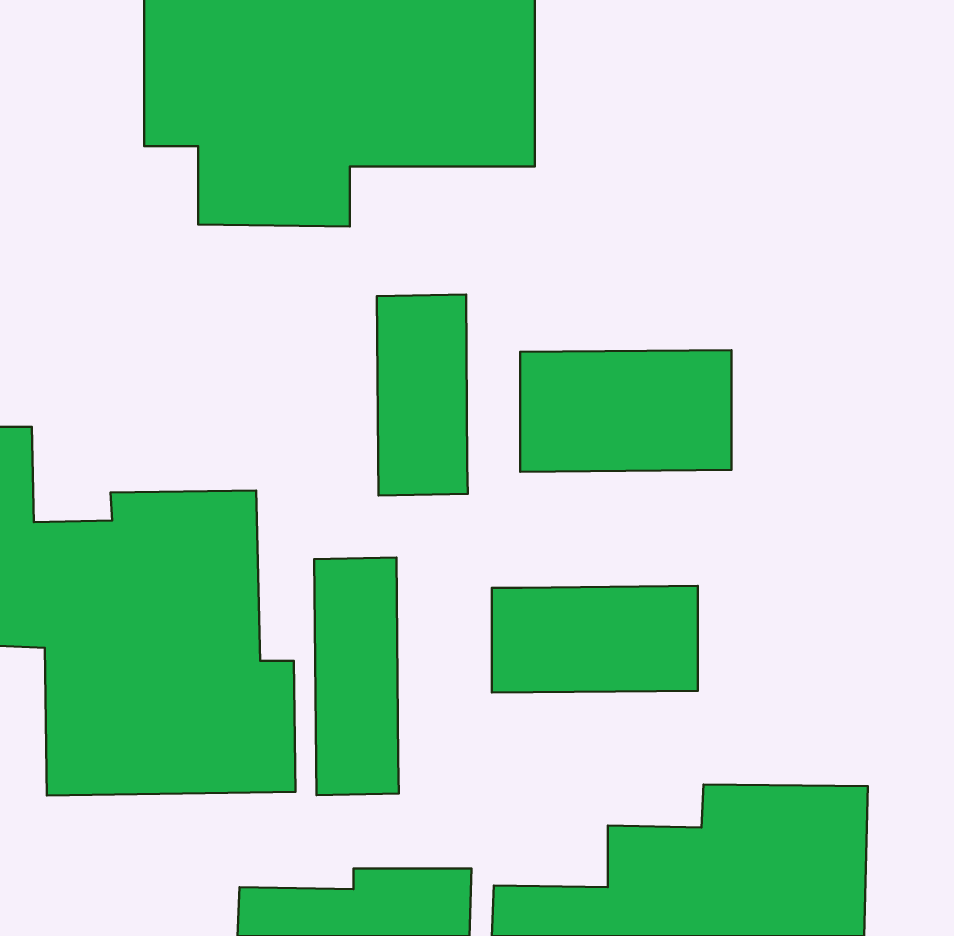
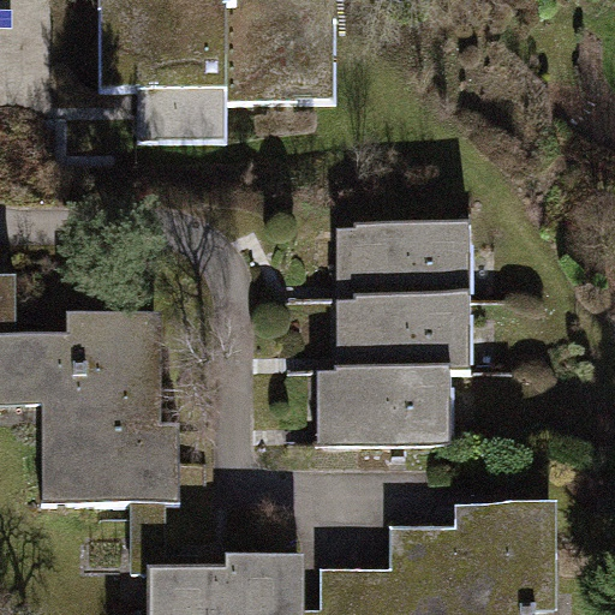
building: [377,294,468,495] -> none
building: none -> [334,301,471,377]
building: [314,557,399,795] -> none

